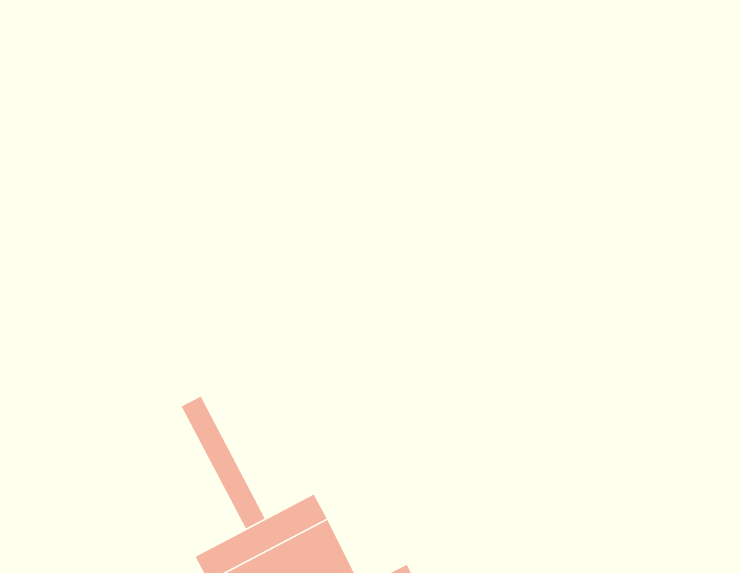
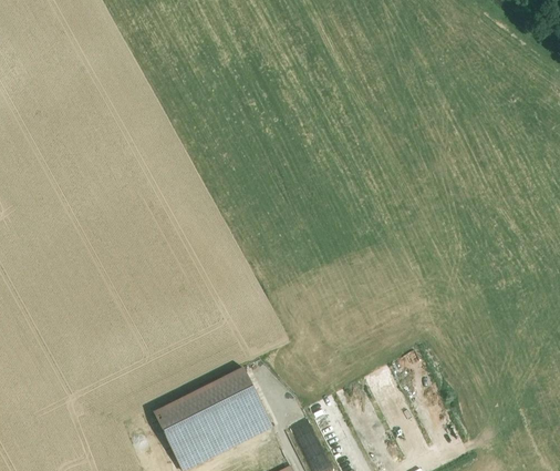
building: [181,395,266,530] -> none

